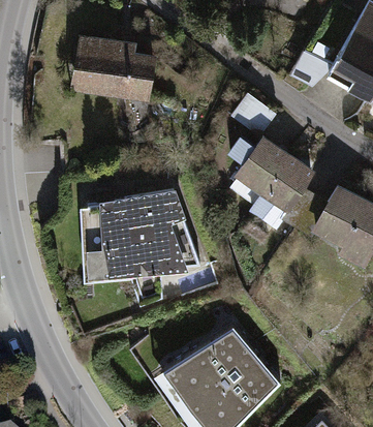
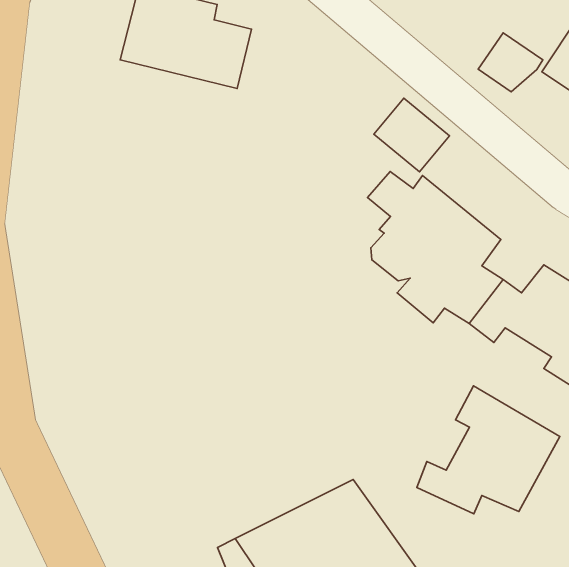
building: [89,183,200,271] -> none
building: none -> [417,386,560,514]

